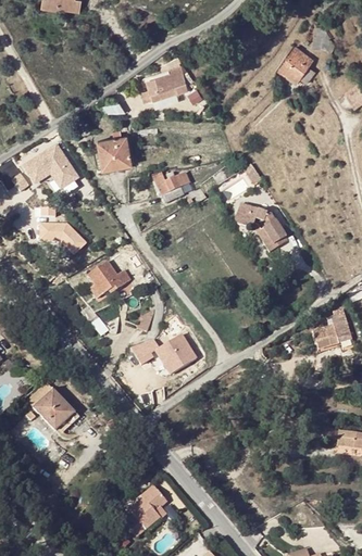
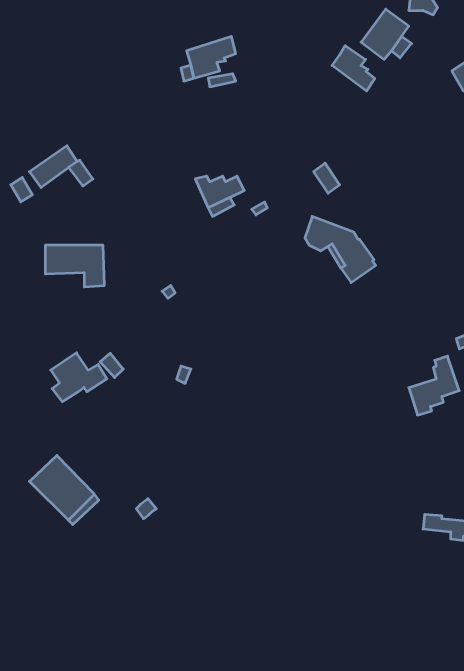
building: none -> [332,46,375,91]
building: [98,131,130,168] -> none
building: [88,261,130,298] -> [51,353,107,402]
building: [130,334,197,375] -> none
building: [127,484,167,535] -> none

